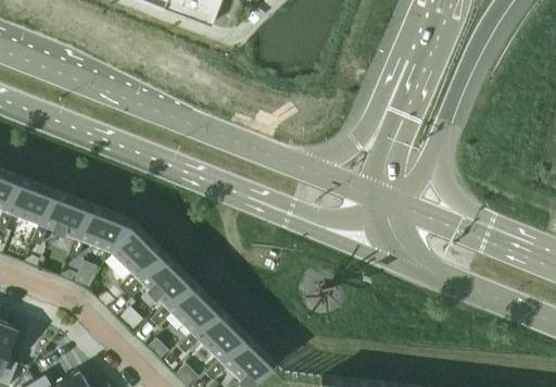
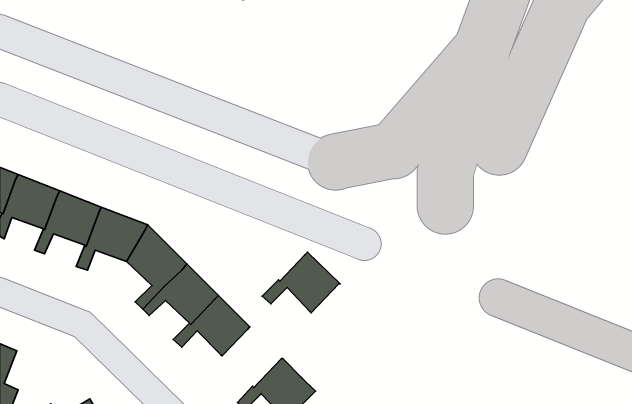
building: [177,308,244,360] -> [262,252,340,313]

